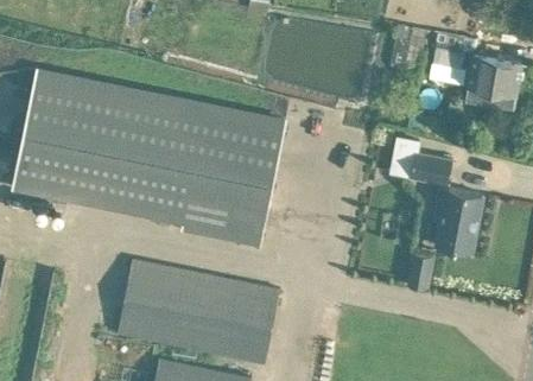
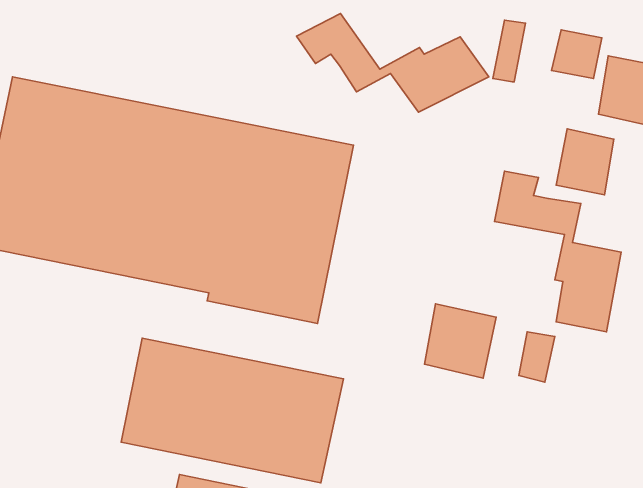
building: none -> [296,13,489,112]
building: none -> [556,129,614,195]
building: none -> [425,304,496,378]

